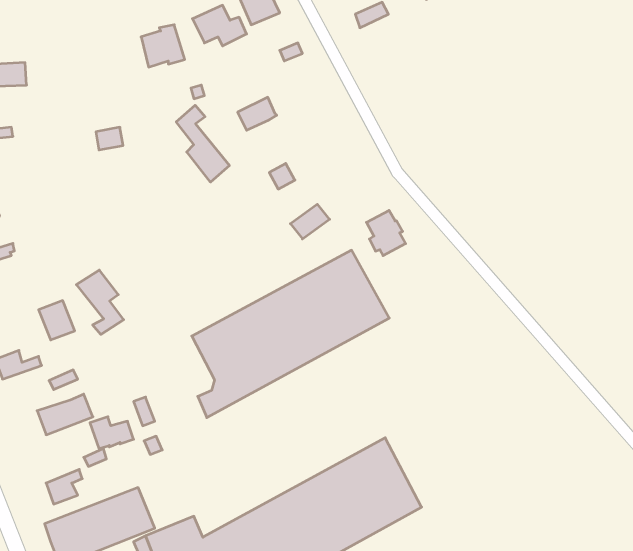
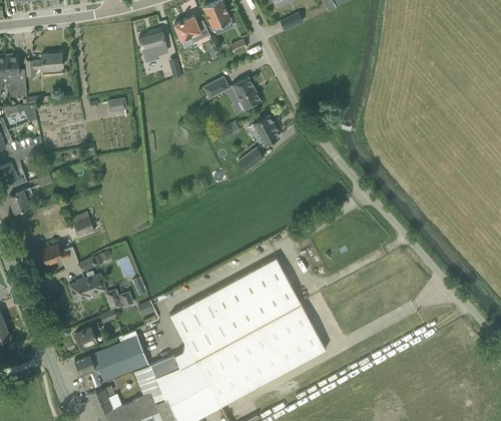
building: none -> [231,78,261,110]
building: [176,105,229,182] -> none
building: [366,210,406,256] -> [253,116,279,146]
building: [192,250,389,418] -> [169,259,301,370]
building: [76,270,124,334] -> none

